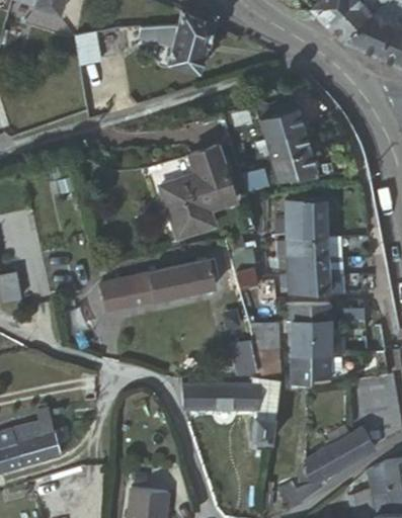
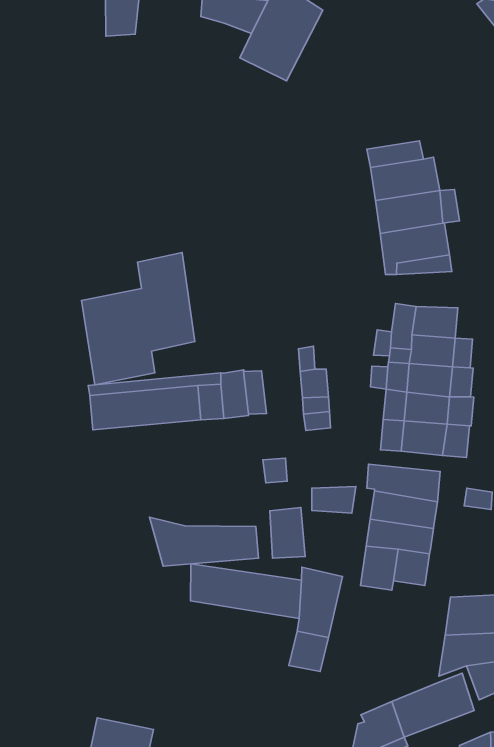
building: [155,147,230,238] -> [82,253,195,385]
building: none -> [149,517,259,566]

